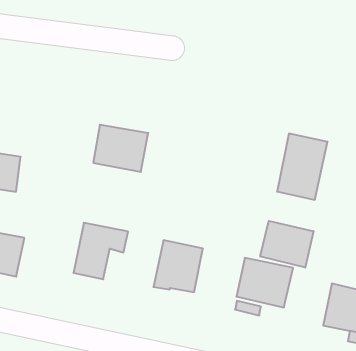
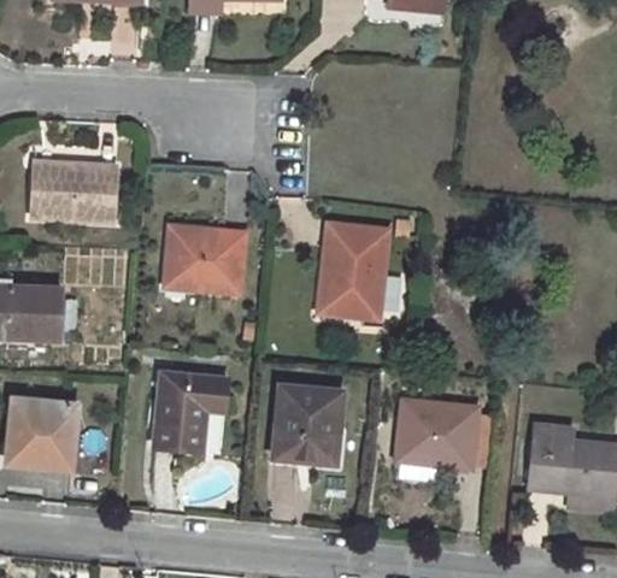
building: none -> [33,161,116,220]
building: [277,134,328,200] -> [319,224,386,317]
building: [260,221,314,268] -> none

